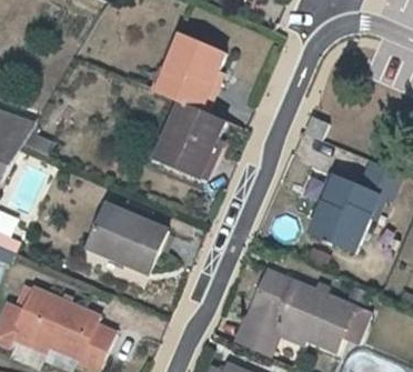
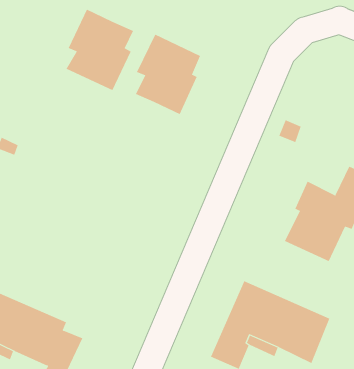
building: [162,100,228,179] -> [66,9,134,91]
building: [89,201,167,270] -> none

